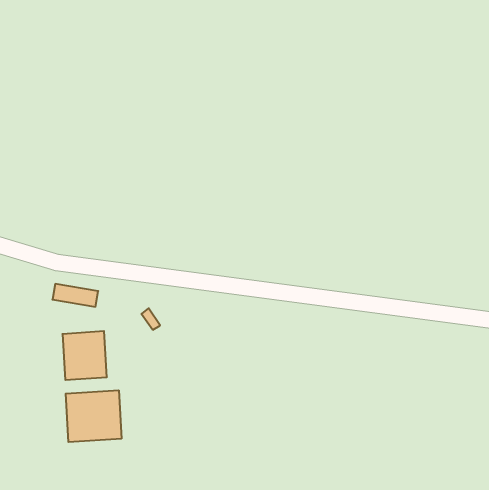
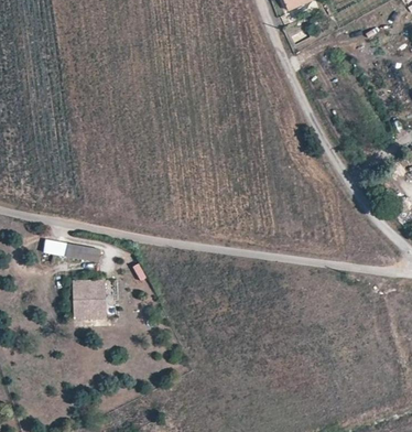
building: [66,390,121,442] -> none

